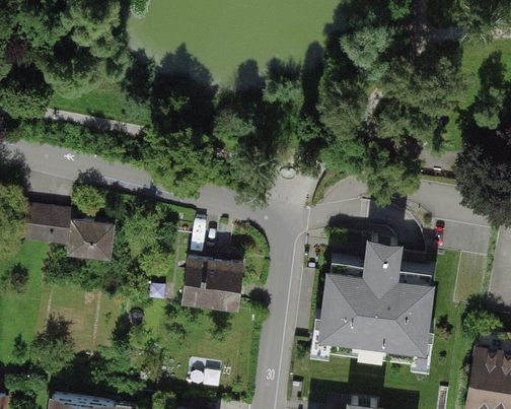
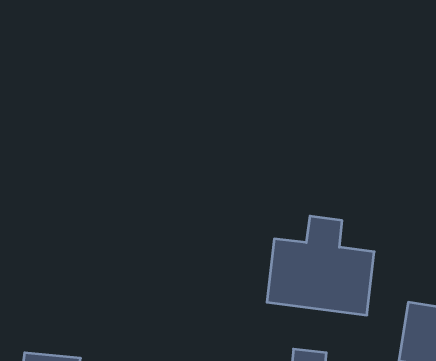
building: [27,205,116,259] -> none
building: [182,260,248,308] -> none

